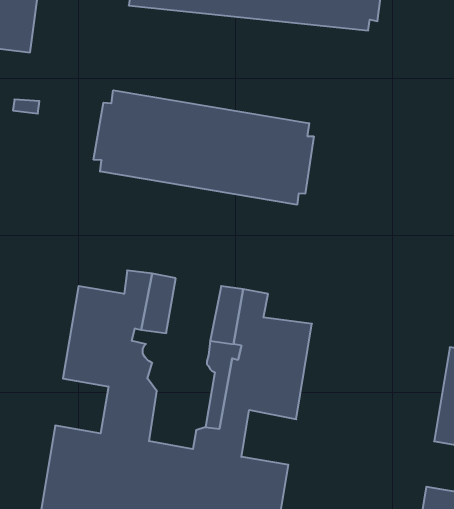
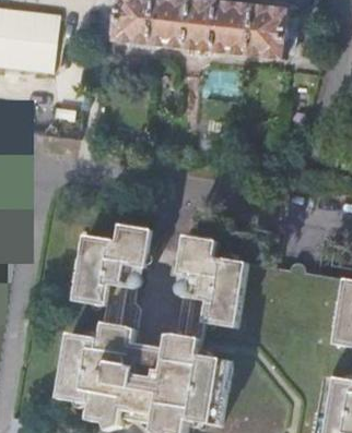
building: [94,90,314,205] -> none

